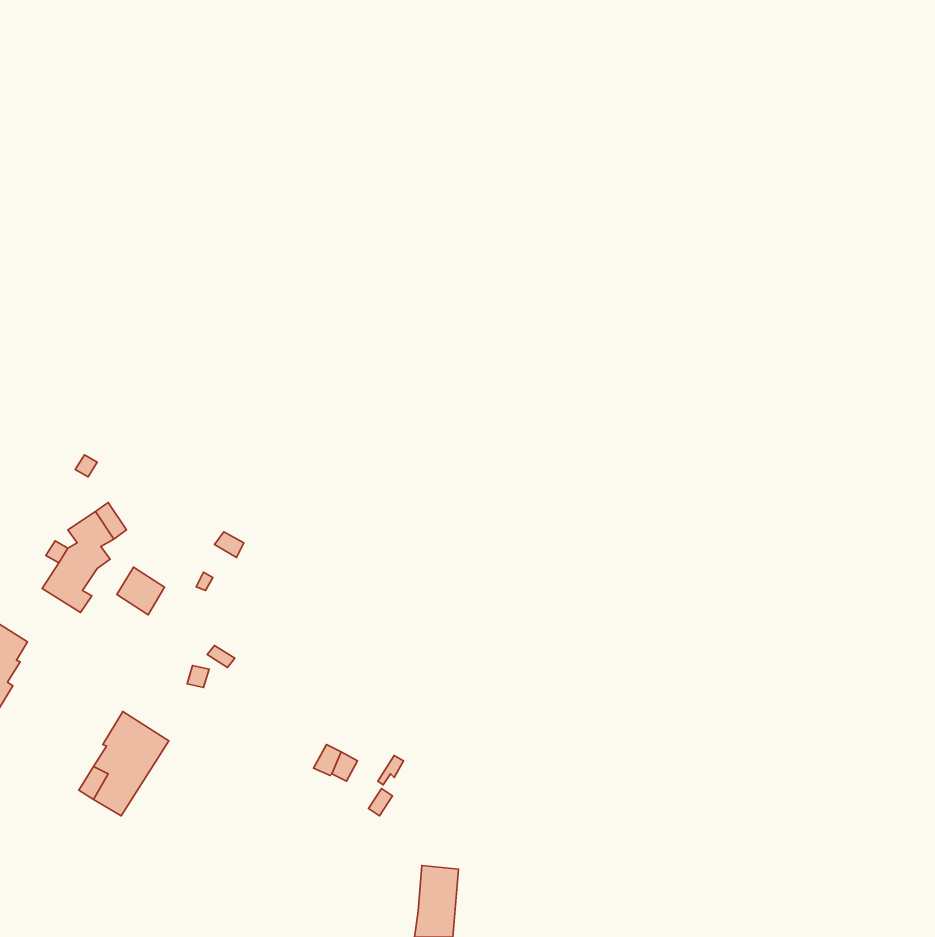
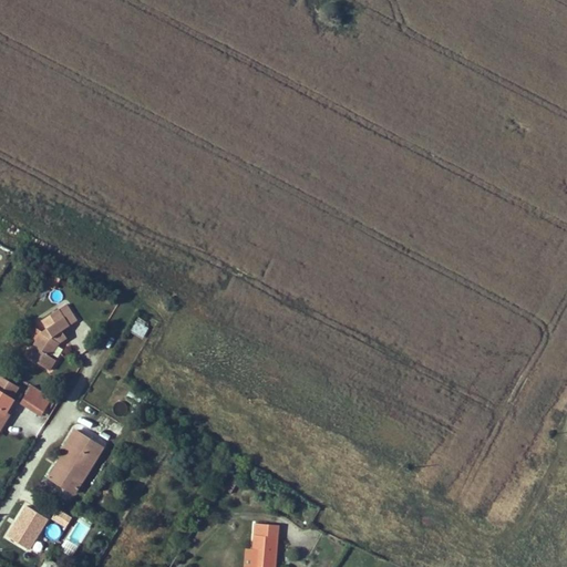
building: [117,567,165,615] -> [21,385,50,414]
building: none -> [4,505,47,551]

